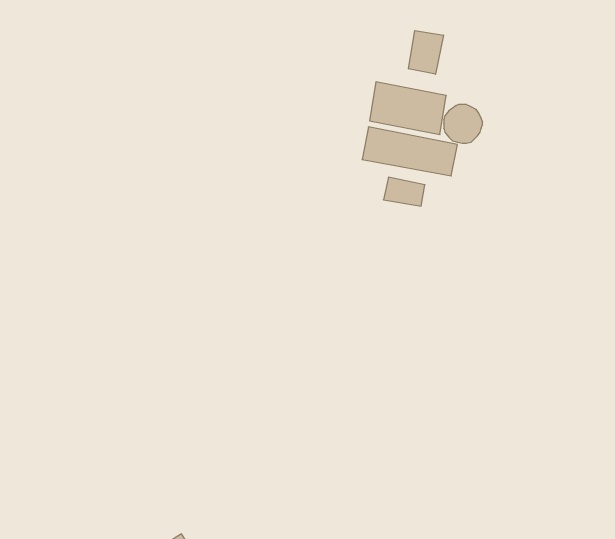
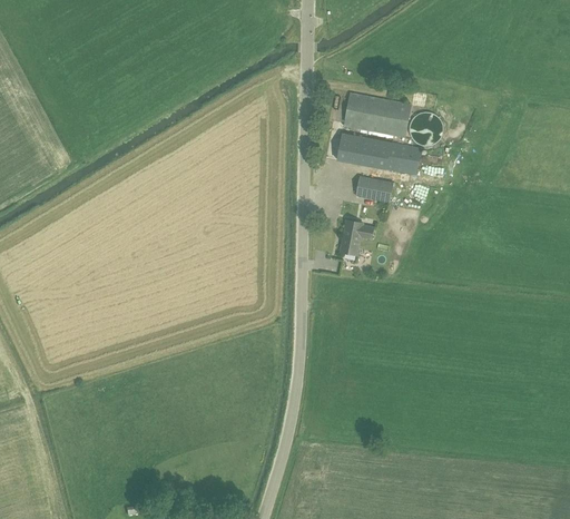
building: [409,31,443,74] -> none
building: none -> [340,219,373,255]

